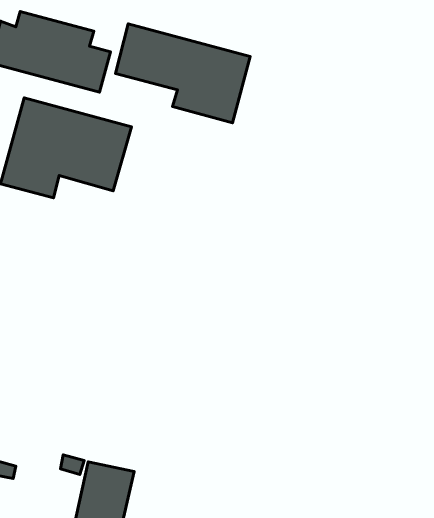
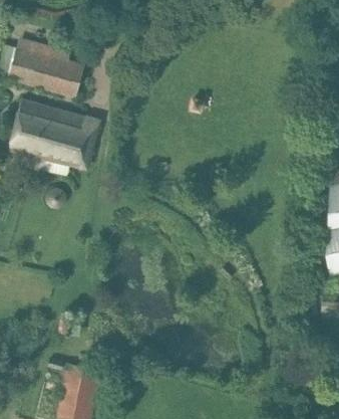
building: [116,24,250,123] -> none

